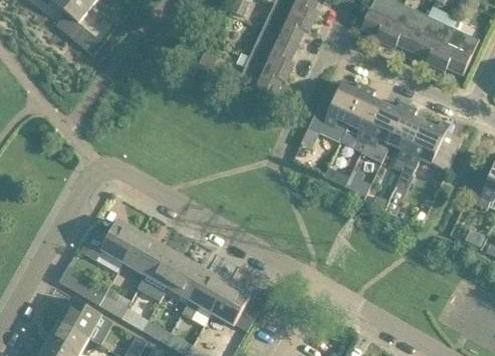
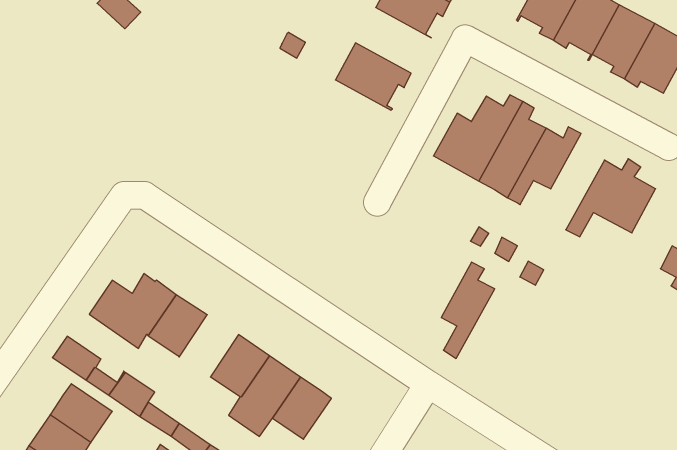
building: [250,29,301,72] -> none
building: [390,105,425,171] -> [441,262,495,358]
building: [137,246,184,301] -> none

